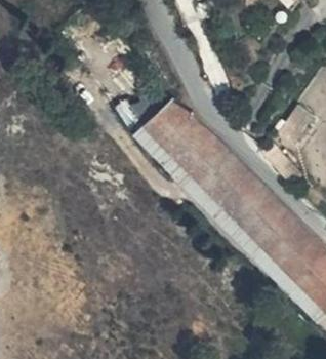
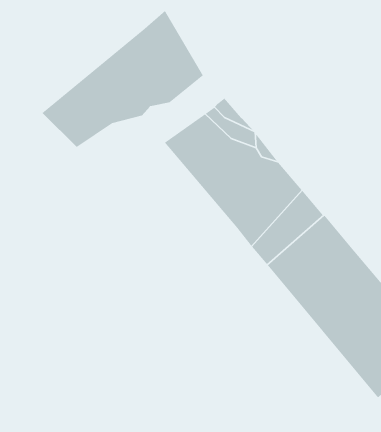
building: none -> [42,10,204,148]

